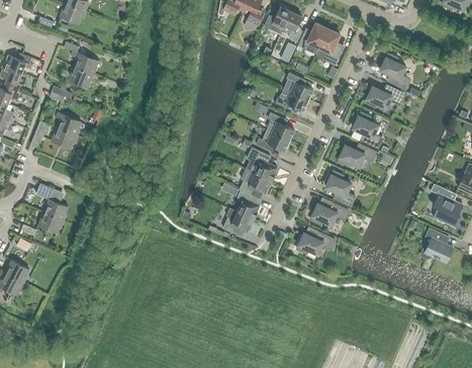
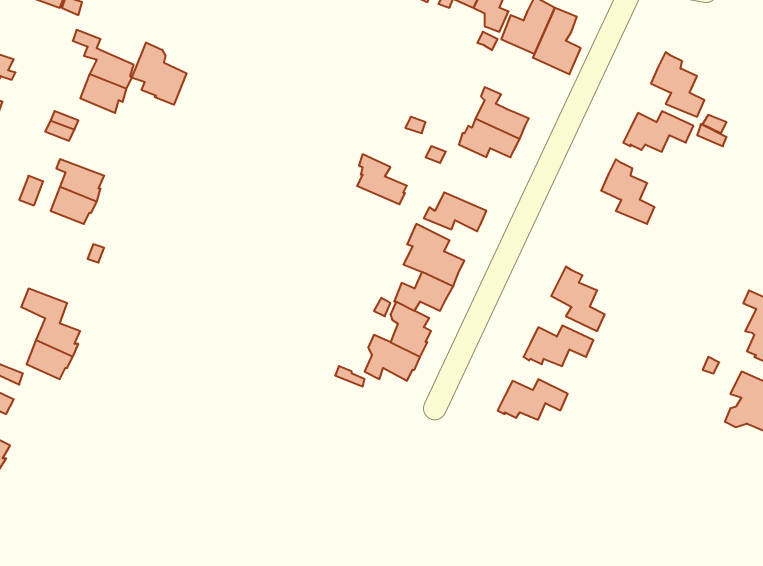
building: none -> [132,42,187,105]
building: [267,112,294,140] -> [357,154,407,204]
building: [338,144,376,166] -> none

